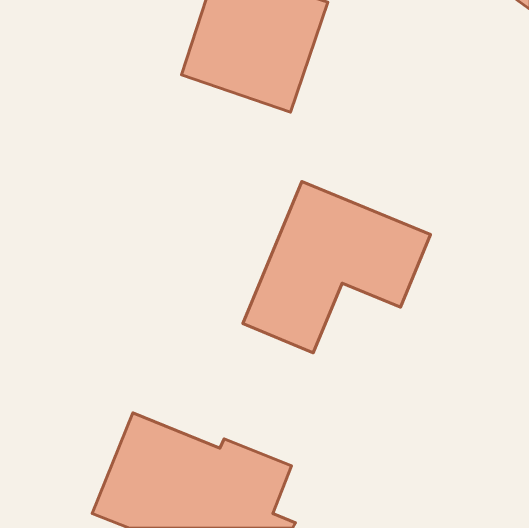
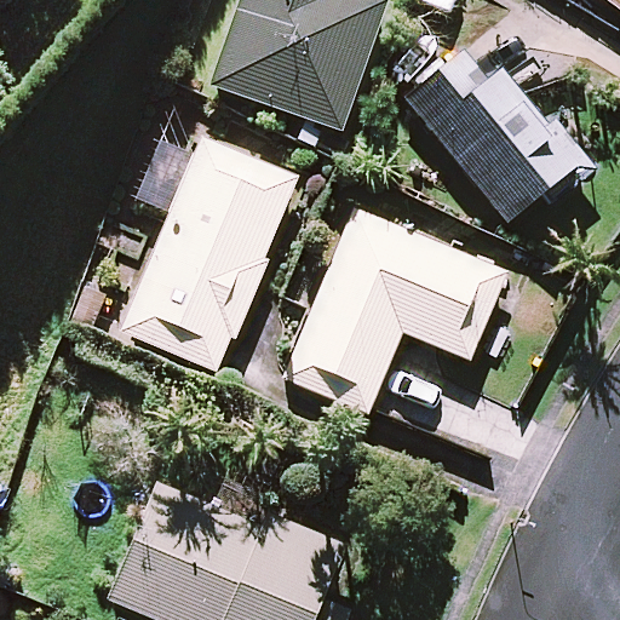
building: none -> [407,52,578,222]
building: none -> [122,138,295,371]

